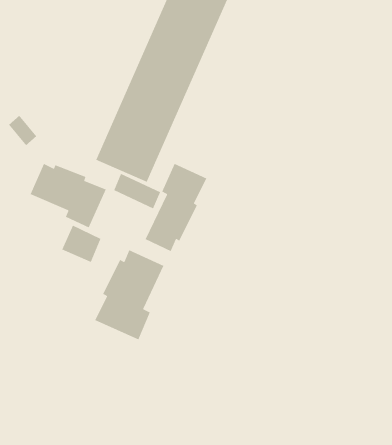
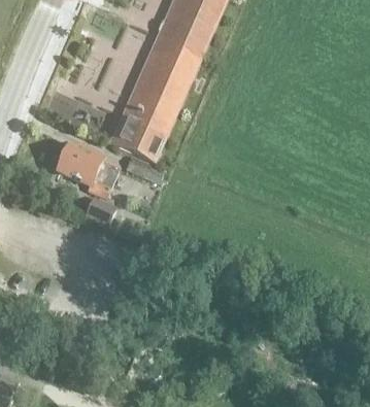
building: [145,163,207,252] -> none
building: [94,249,164,341] -> none

